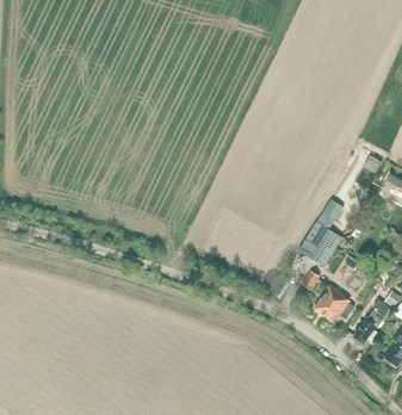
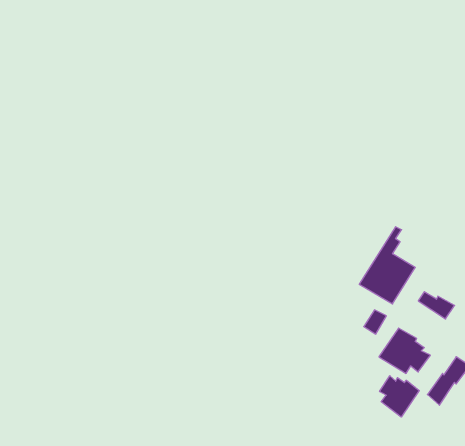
building: none -> [380,376,419,417]

